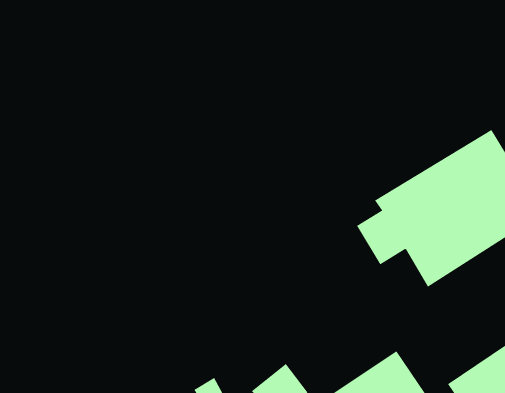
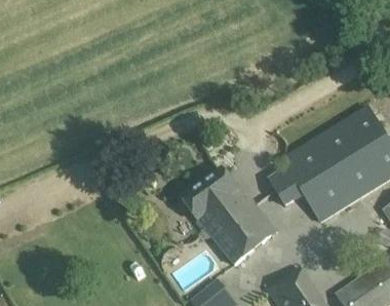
building: none -> [181,168,276,264]

